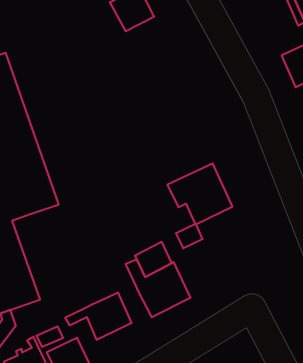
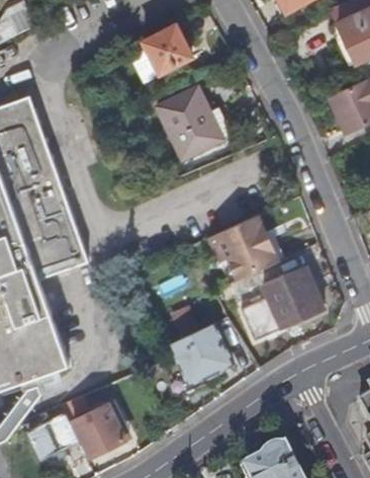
building: none -> [159,86,225,159]
building: none -> [240,266,323,342]
building: [65,293,132,340] -> none

